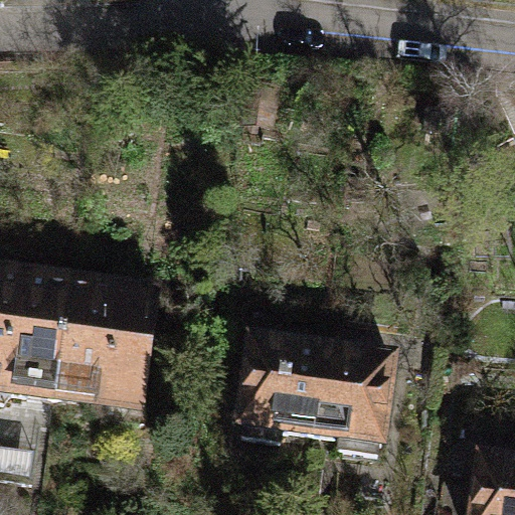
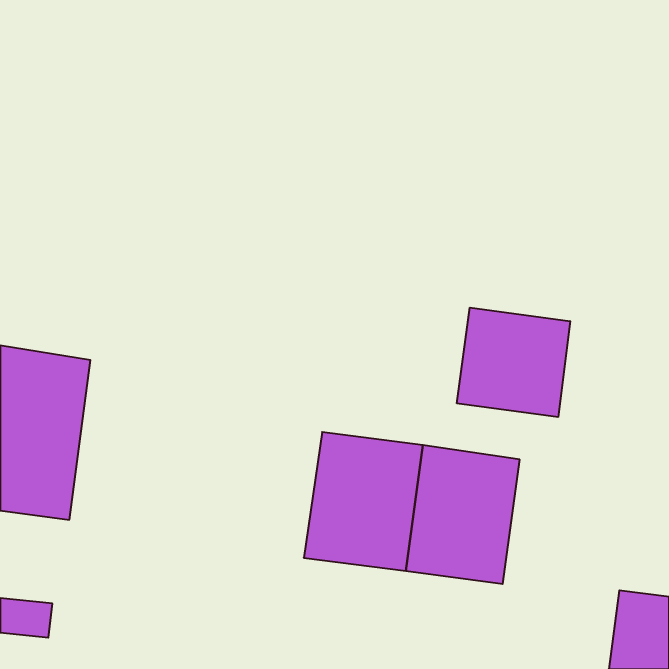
building: none -> [457,308,570,417]
building: [53,277,157,410] -> none

